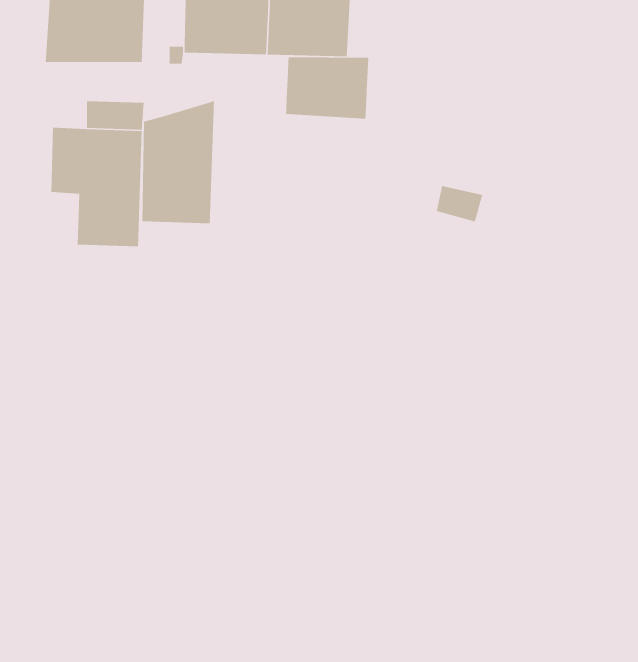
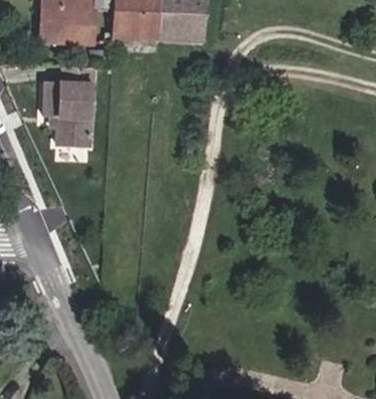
building: [285,56,369,120] -> none
building: [142,100,215,224] -> none

